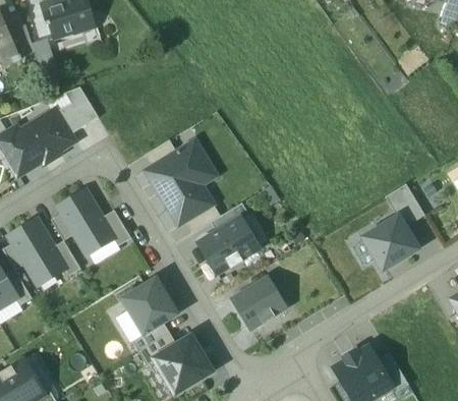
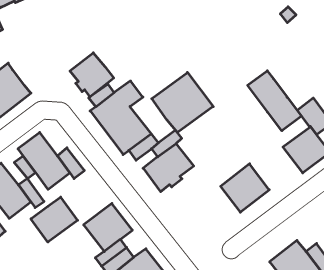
building: [60,87,100,131] -> none
building: none -> [70,53,114,97]
building: none -> [152,72,213,133]
building: none -> [248,71,302,131]
building: none -> [31,197,78,242]
building: [230,277,286,332] -> [221,164,269,212]

